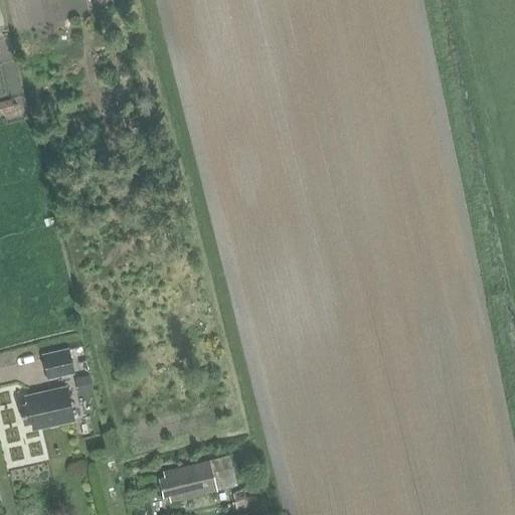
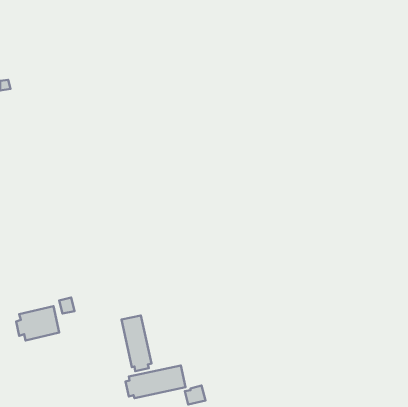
building: [40,347,74,379] -> none
building: none -> [121,315,151,371]

